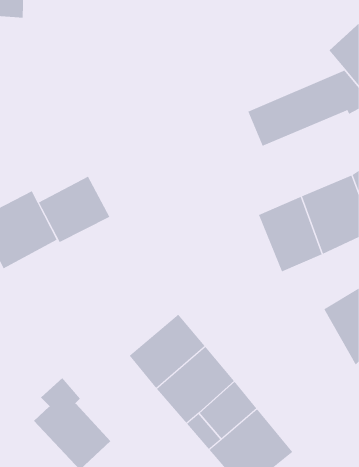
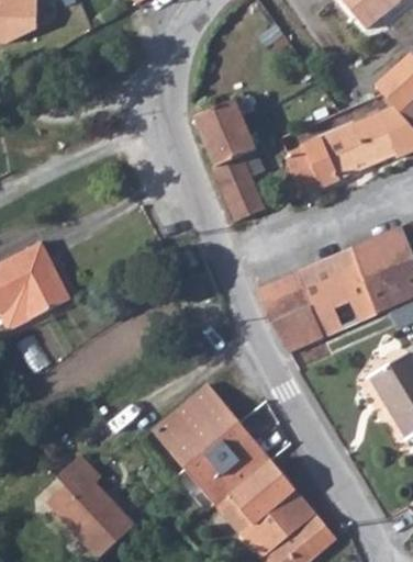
building: none -> [194,99,266,222]
building: [38,176,110,243] -> none
building: none -> [249,270,324,353]

